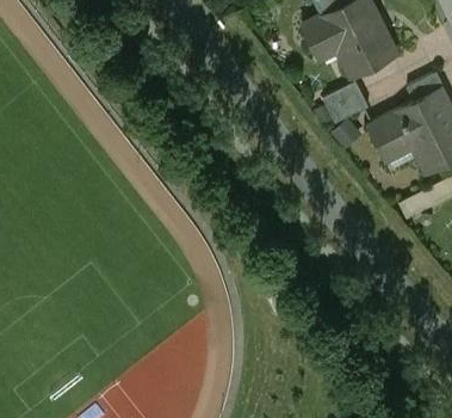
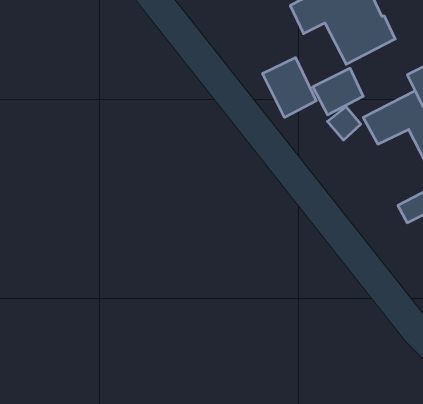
building: none -> [263,58,316,117]

